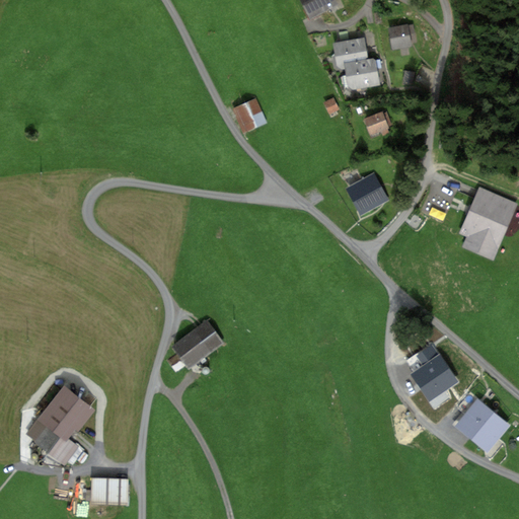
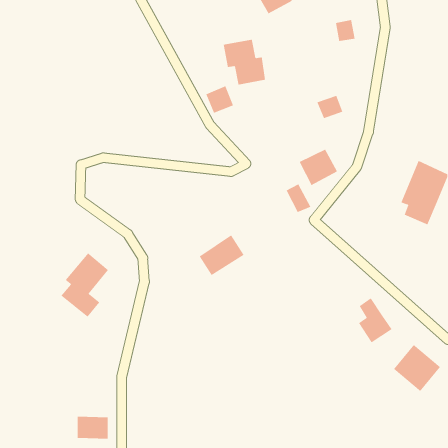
building: [333,34,383,87] -> [223,39,266,85]
building: none -> [286,184,311,213]
building: [171,320,224,368] -> [199,234,245,276]
building: [32,392,88,467] -> [60,252,109,318]

